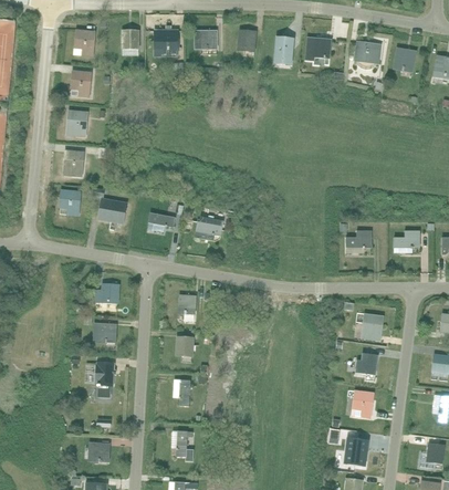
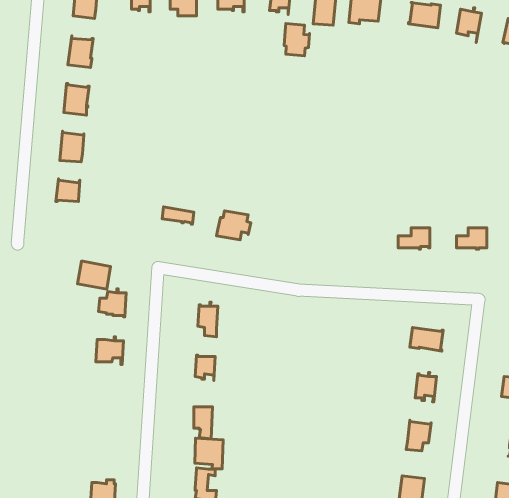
building: none -> [284,23,309,56]
building: [98,199,126,222] -> [78,261,111,289]
building: [94,362,114,396] -> none
building: none -> [195,438,223,469]

